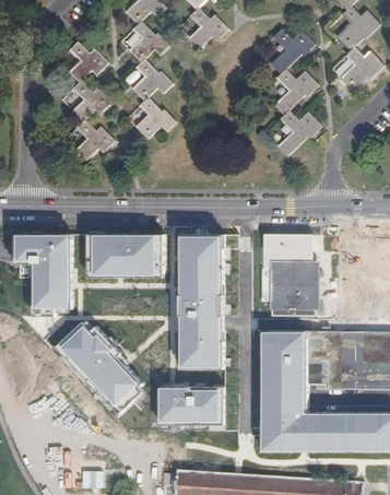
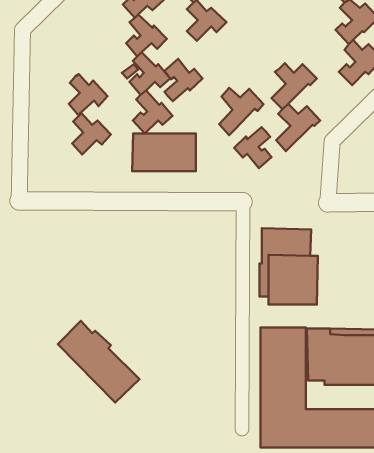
building: [270,28,314,75] -> [219,88,263,135]
building: [68,43,107,83] -> none
building: none -> [164,59,203,101]
building: none -> [234,127,271,168]
building: [16,235,72,307] -> none
building: [93,235,156,272] -> [132,134,196,171]
building: [180,236,224,368] -> none
building: [158,388,223,425] -> none

